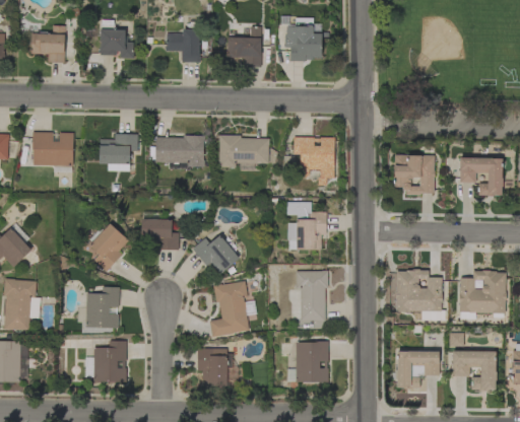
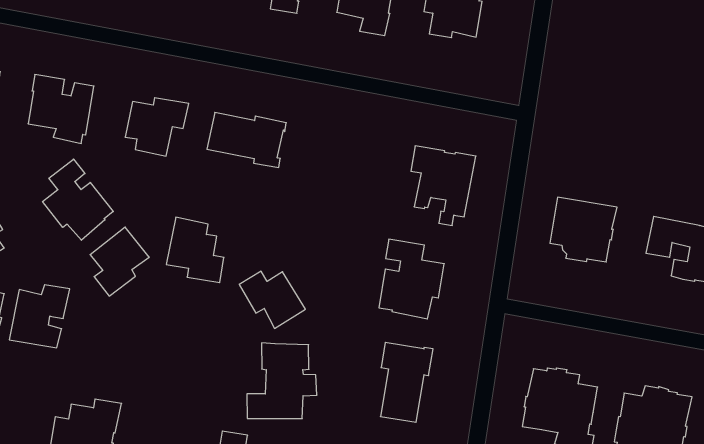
building: [219,135,269,169] -> none
building: none -> [43,159,113,240]
building: [85,287,120,328] -> [9,285,70,348]

